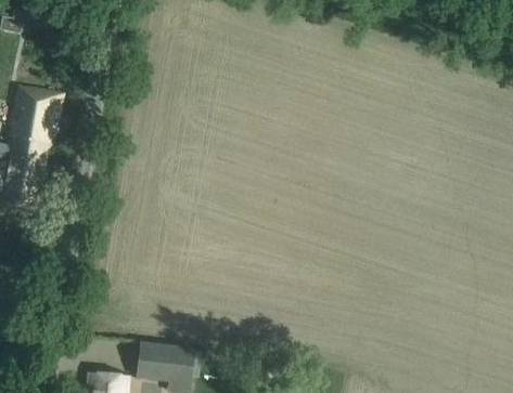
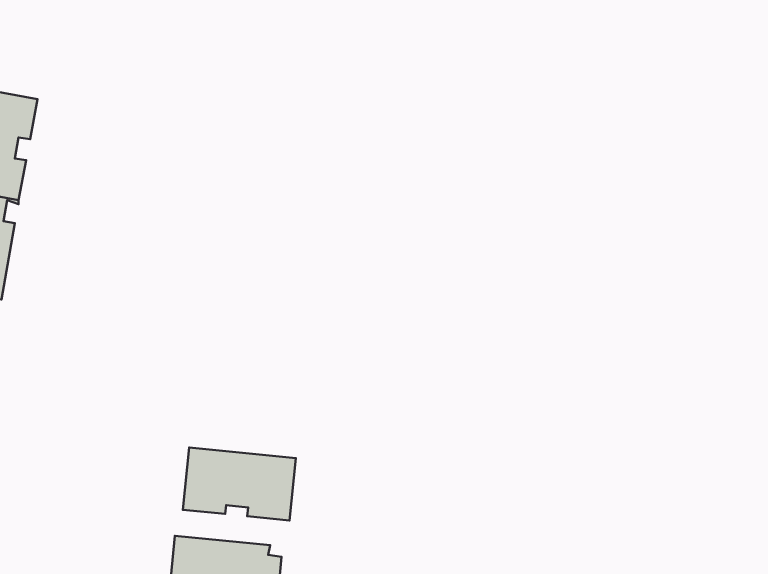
building: none -> [183,447,296,520]

